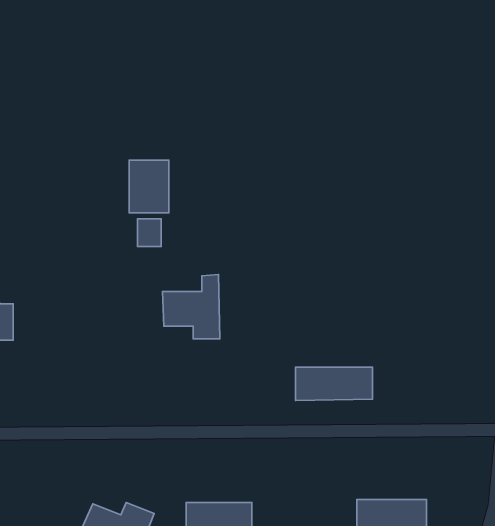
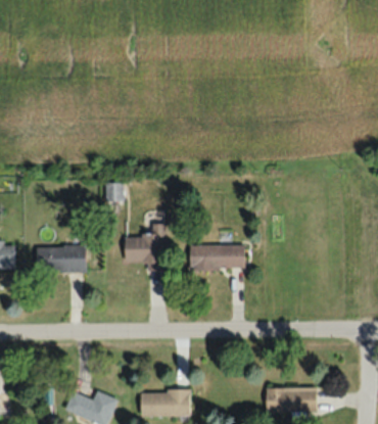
building: [129,160,169,213] -> none
building: none -> [37,246,86,273]
building: [296,367,372,401] -> [189,245,245,270]

